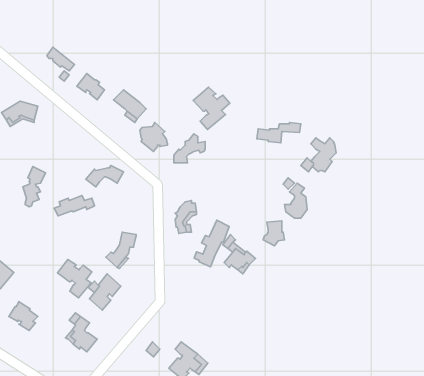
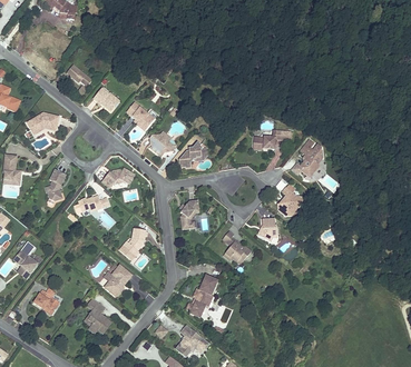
building: [193,87,230,129] -> none
building: [194,220,229,267] -> [186,275,217,316]
building: [57,259,92,298] -> none

